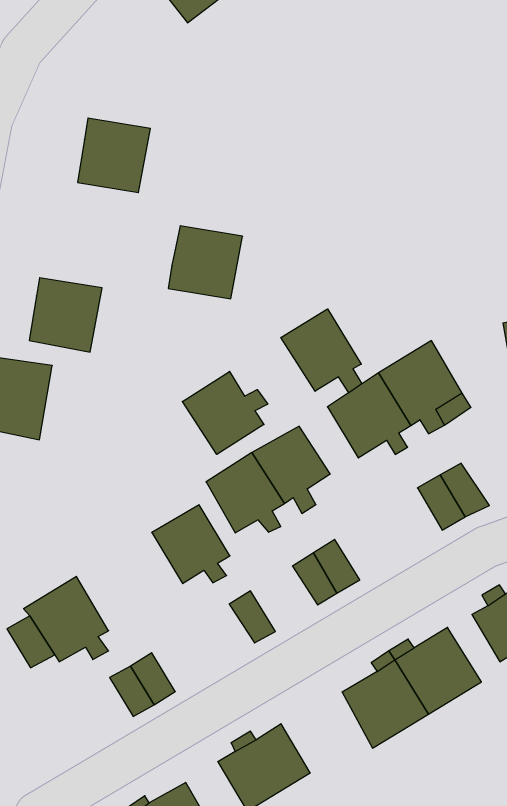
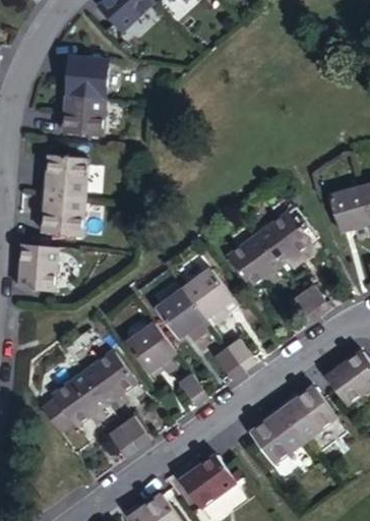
building: none -> [66,54,108,97]
building: [168,226,243,299] -> [45,155,87,196]
building: [281,309,362,393] -> none
building: [182,371,268,454] -> none
building: none -> [82,352,135,408]

